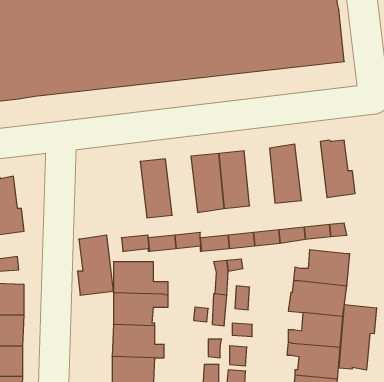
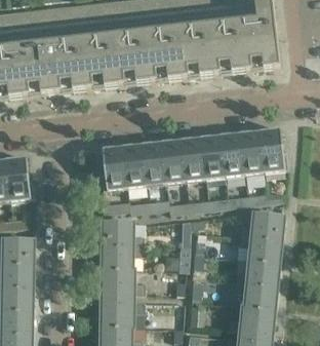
building: none -> [241,129,266,175]
building: none -> [202,134,226,179]
building: none -> [142,141,166,186]
building: [77,235,113,295] -> [99,145,127,191]
building: [339,304,376,370] -> none

